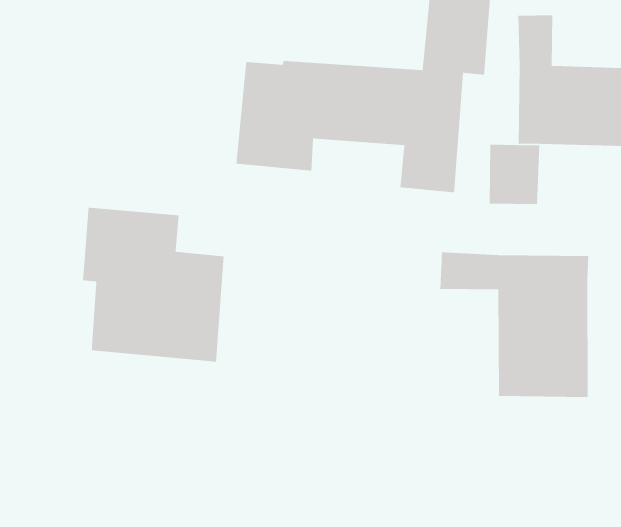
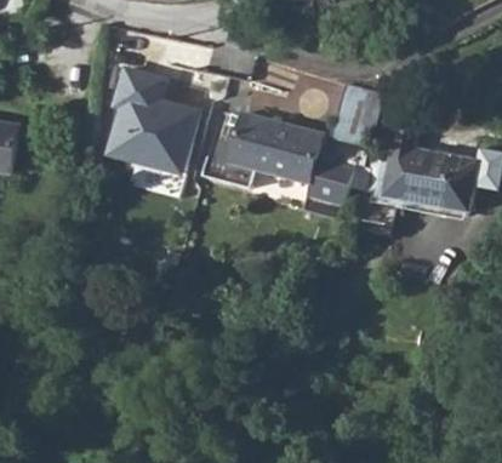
building: [82,207,224,362] -> [107,65,204,181]
building: [439,252,589,398] -> none

